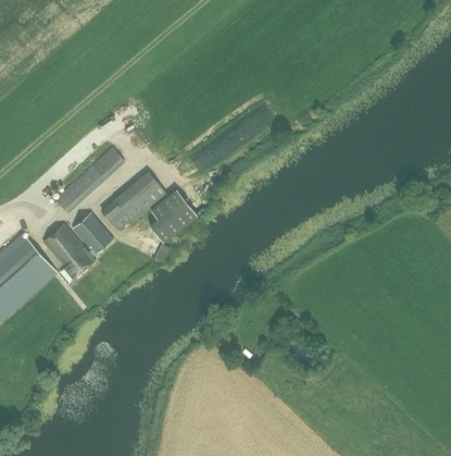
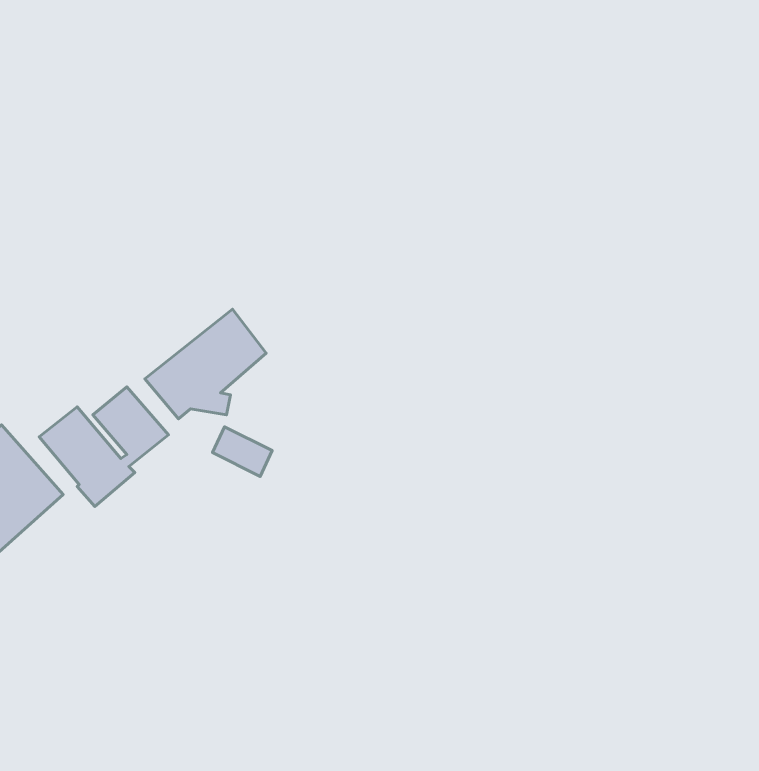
building: [55,148,124,212] -> none
building: [149,189,197,243] -> none

